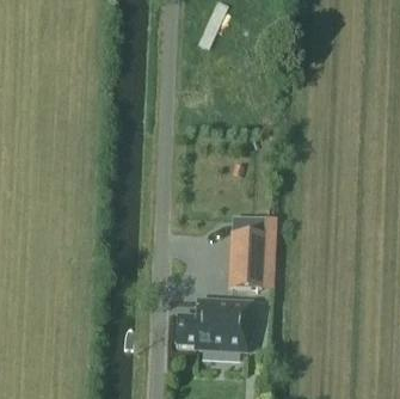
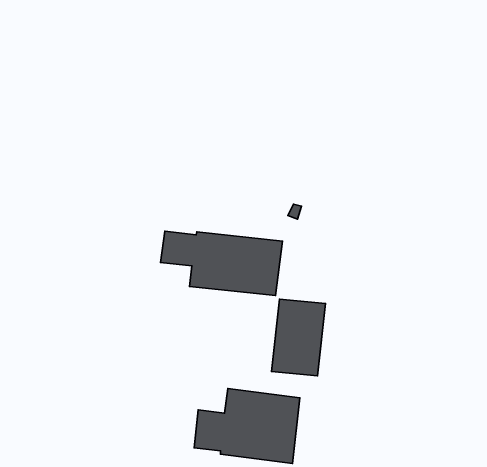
building: none -> [161,231,283,296]

